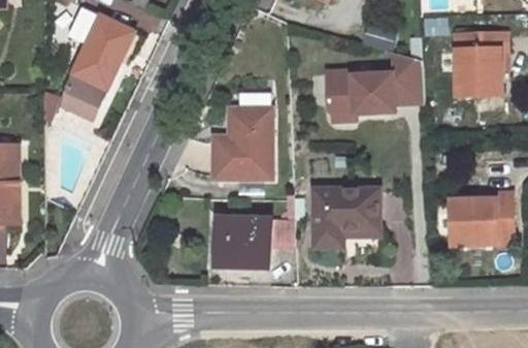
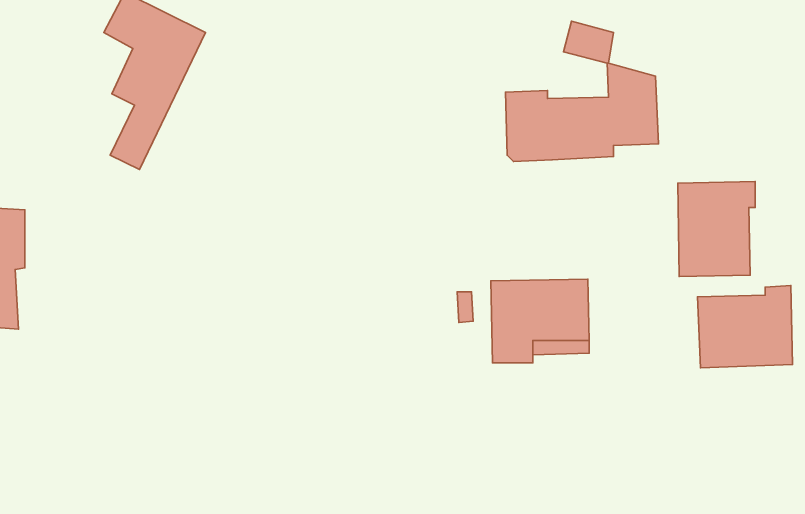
building: [456,33,505,94] -> [678,182,755,277]
building: [216,108,272,178] -> none
building: [216,218,296,264] -> none

